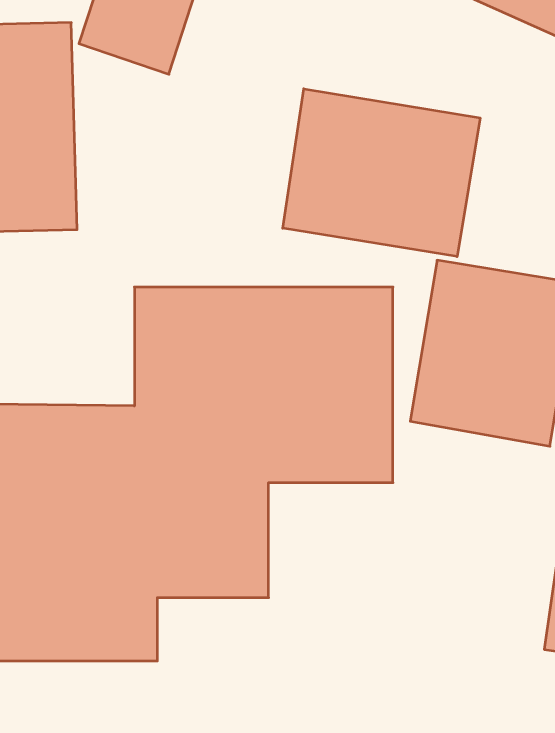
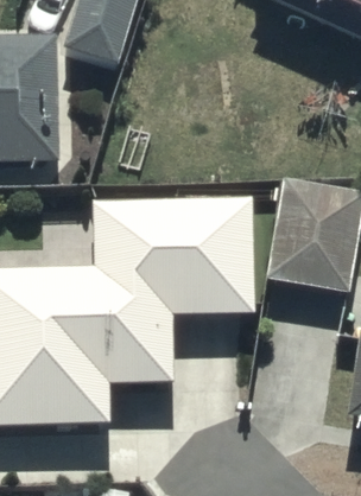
building: [283,89,480,257] -> none

